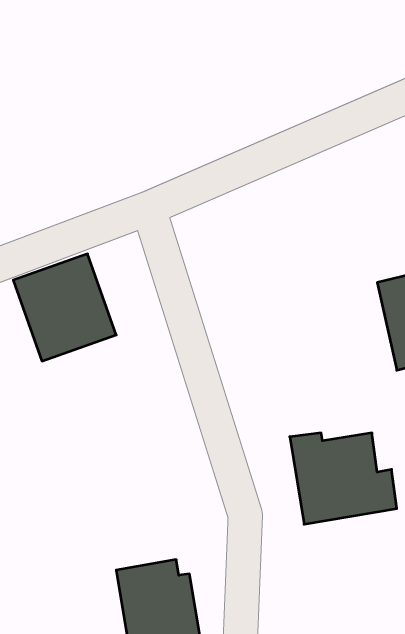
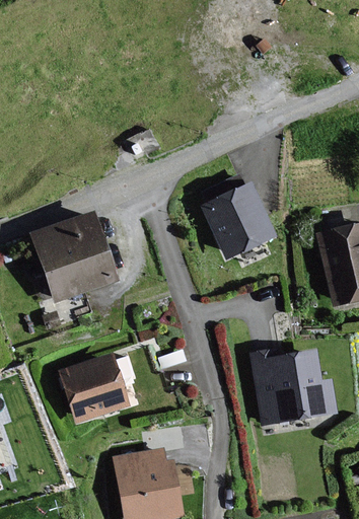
building: none -> [201,174,276,258]
building: none -> [62,354,130,422]

